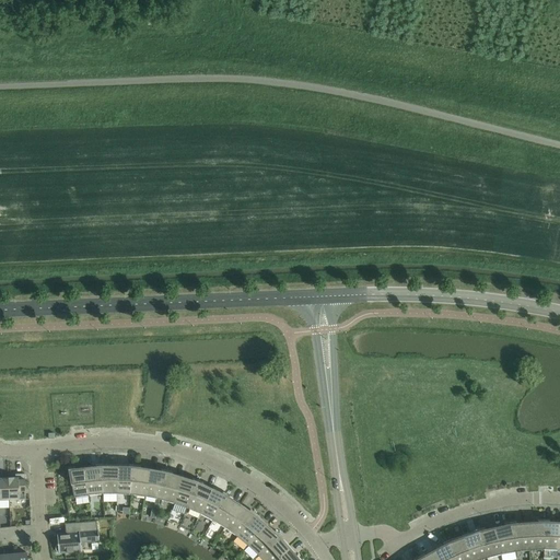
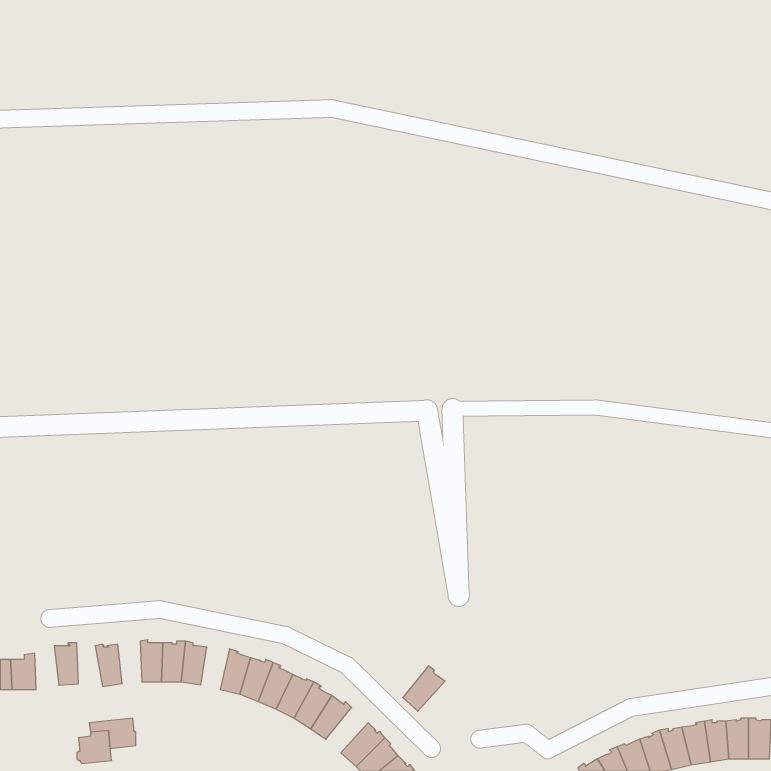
building: [85,465,103,495] -> [54,643,78,685]
building: [145,469,166,500] -> none
building: [236,513,267,546] -> [403,666,445,711]

